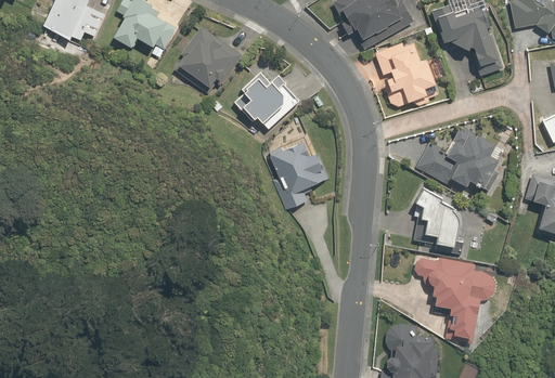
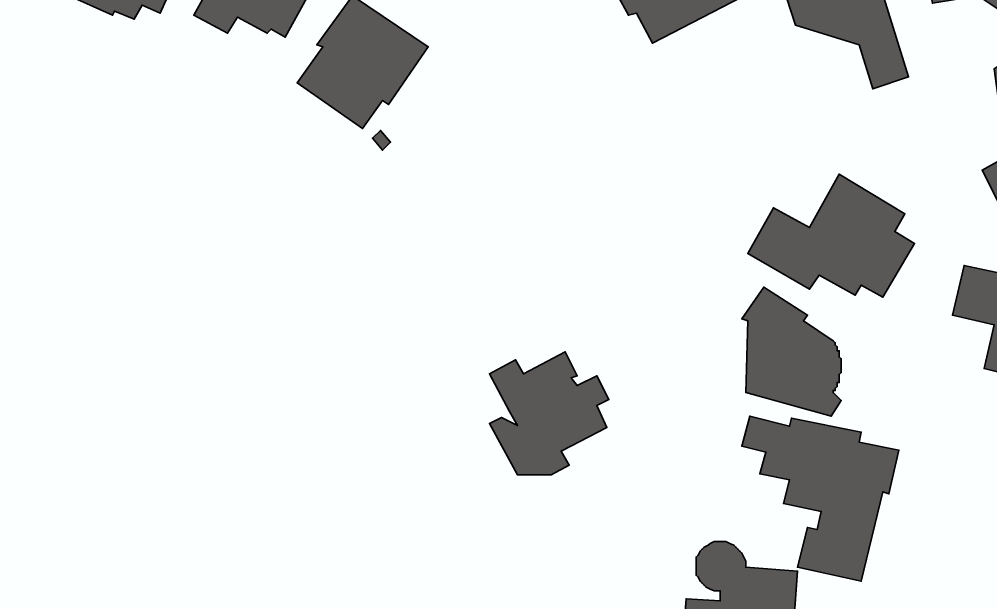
building: [371,35,441,110] -> none
building: [231,70,297,128] -> none
building: [266,140,331,207] -> [490,352,609,475]

